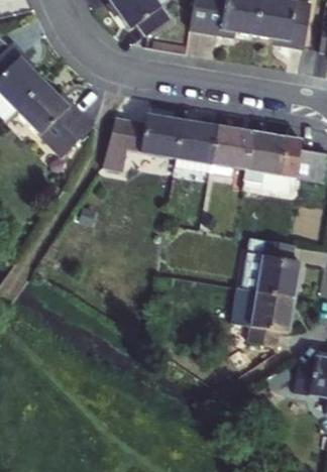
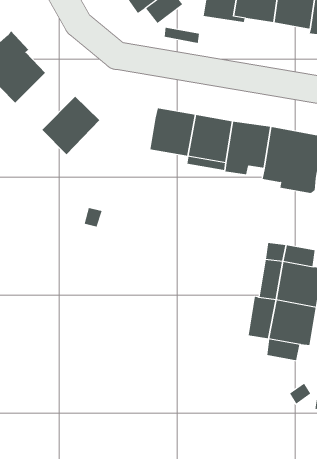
building: [16,81,72,133] -> none
building: [104,117,145,170] -> none

